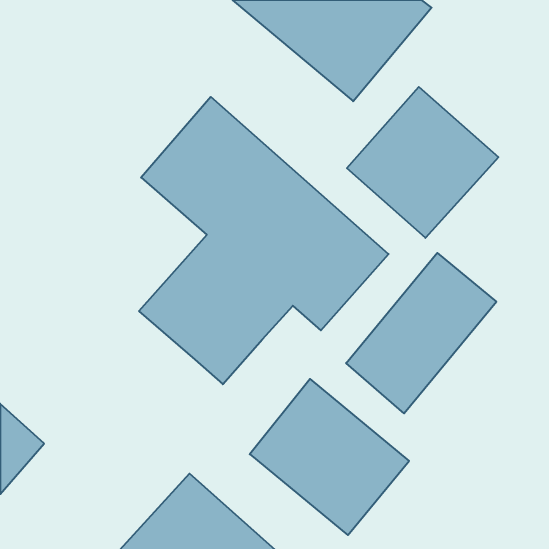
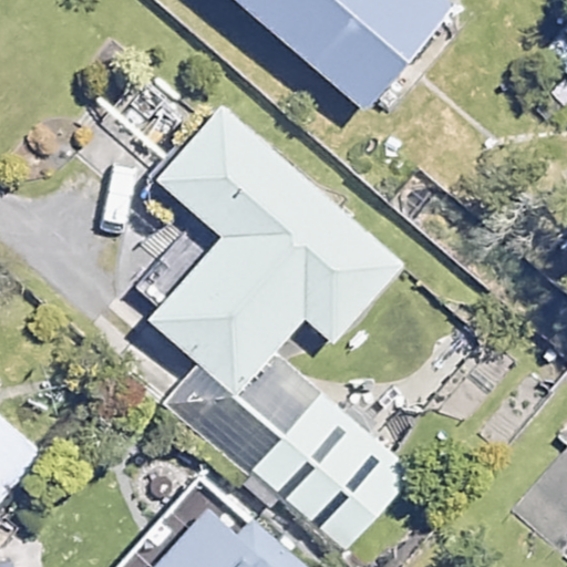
building: [347,87,498,238] -> none
building: [346,253,496,413] -> none

